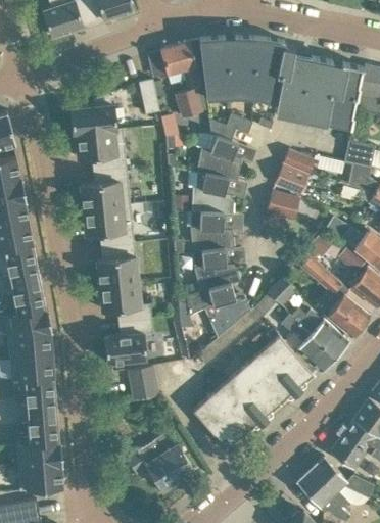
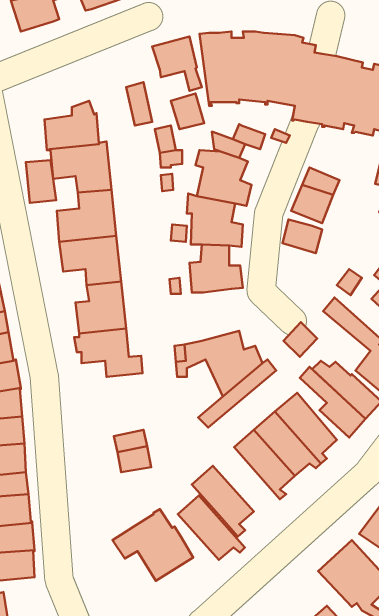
building: none -> [26,160,56,203]
building: [193,249,240,292] -> none
building: [104,319,153,363] -> none
building: [209,380,265,433] -> [178,495,245,560]

